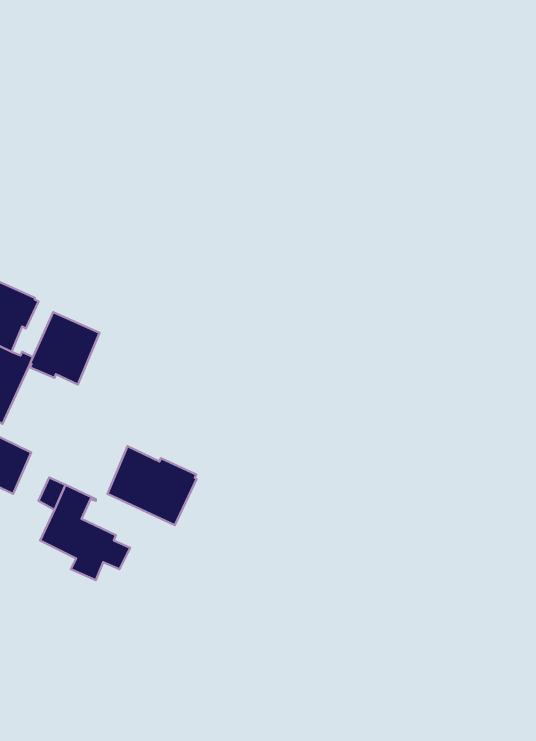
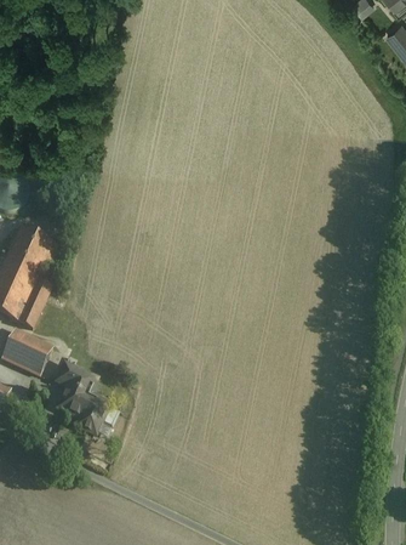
building: [30,312,99,385] -> none
building: [108,446,196,525] -> none

